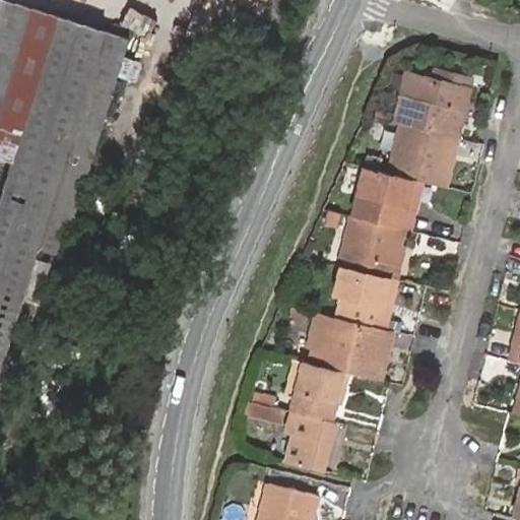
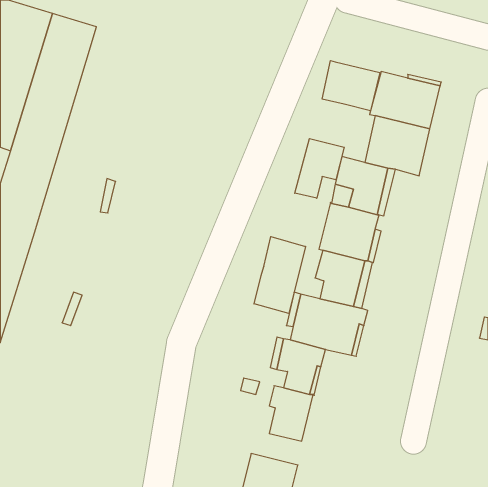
building: [37,29,128,257] -> none
building: none -> [322,61,380,111]
building: none -> [295,139,344,198]
building: none -> [254,237,306,314]

